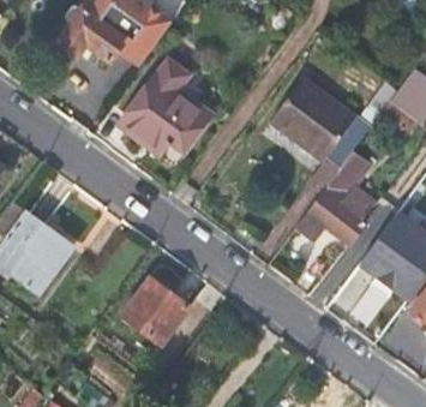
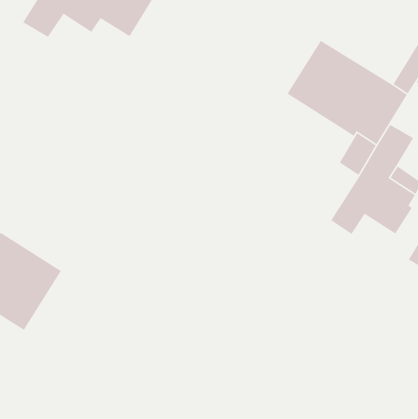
building: [116,55,209,162] -> none
building: [125,281,188,345] -> none

